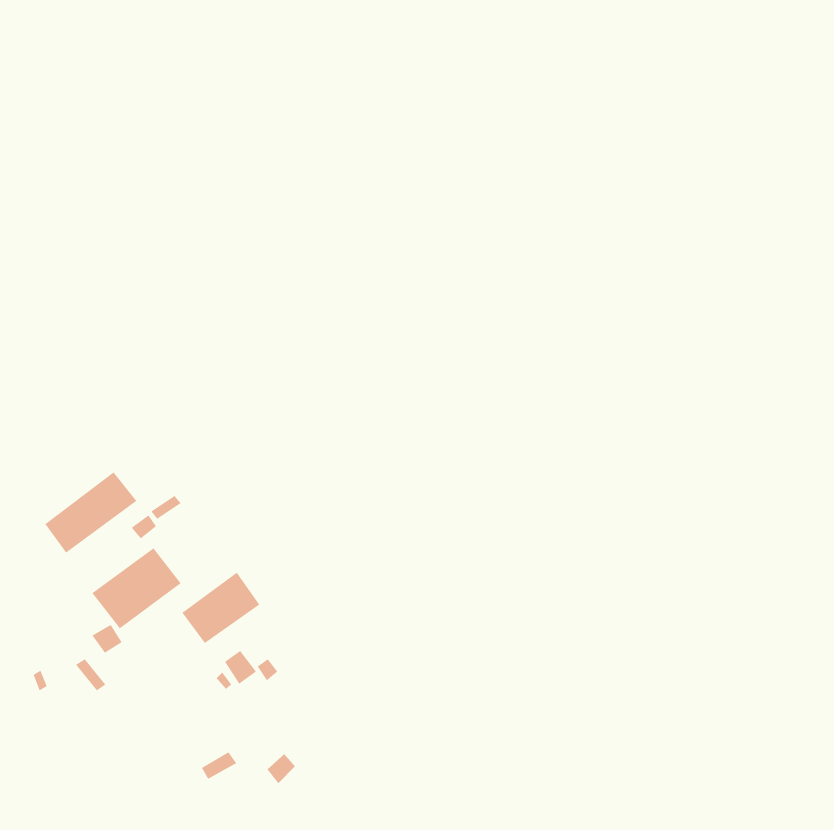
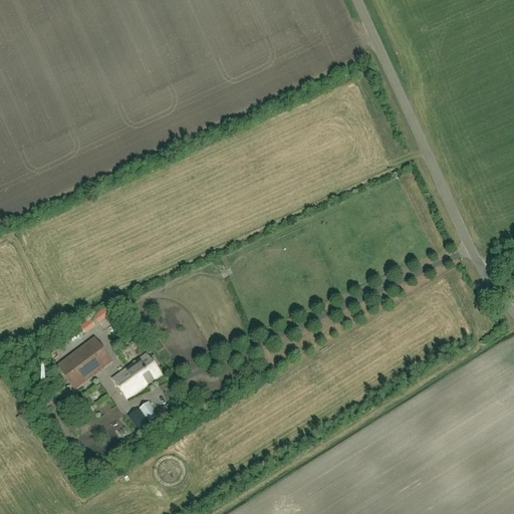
building: [45,471,137,553] -> none

